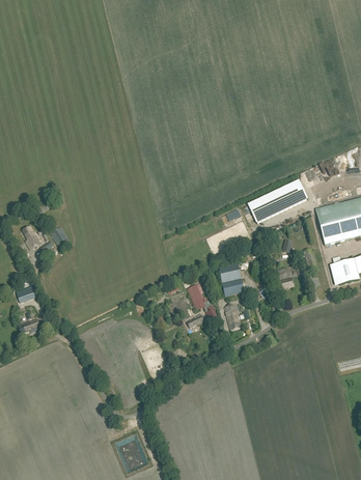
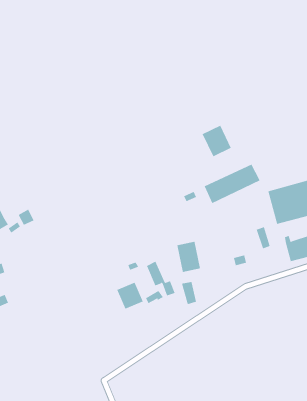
building: none -> [202,125,232,157]
building: none -> [117,282,143,310]

